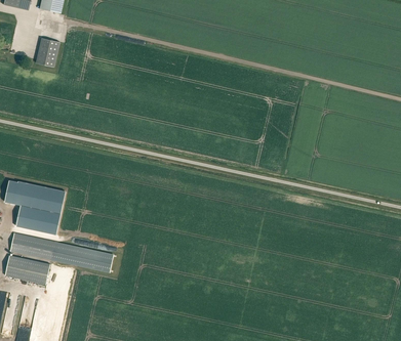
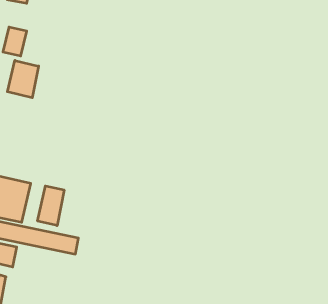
building: none -> [7,60,39,98]
building: none -> [38,186,64,226]

